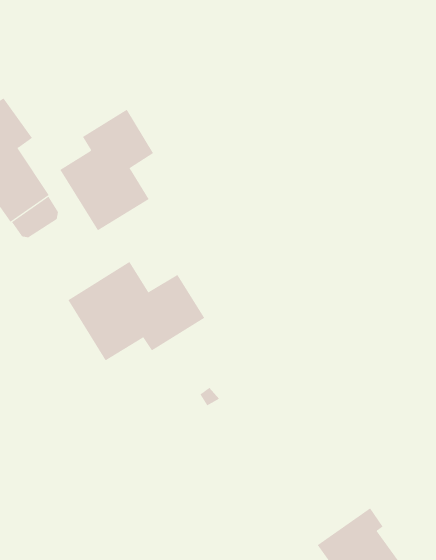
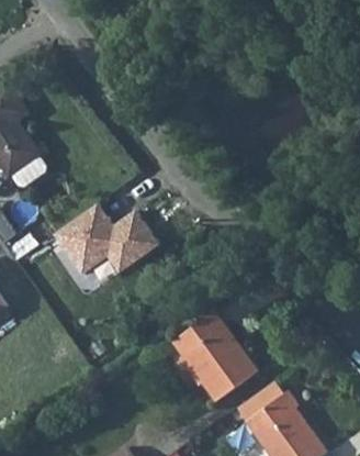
building: [59,109,154,231] -> none
building: none -> [170,313,251,398]

